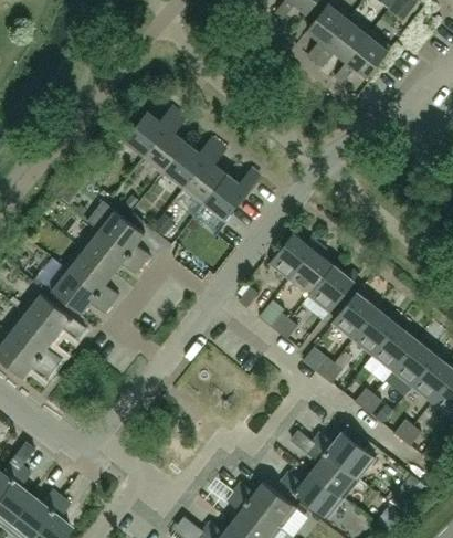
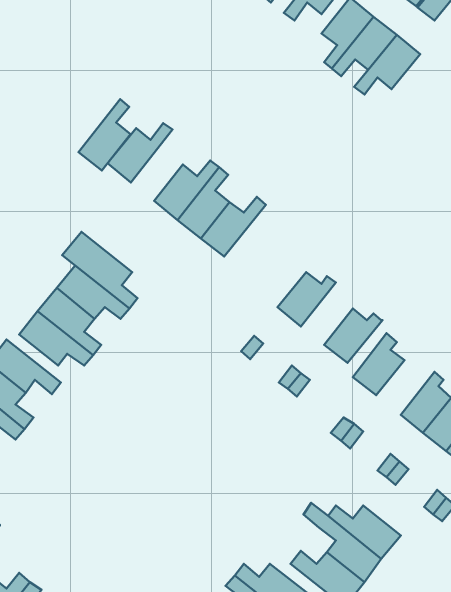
building: [145,113,189,173] -> [79,99,130,170]
building: [289,243,334,296] -> none
building: [354,309,403,356] -> none

